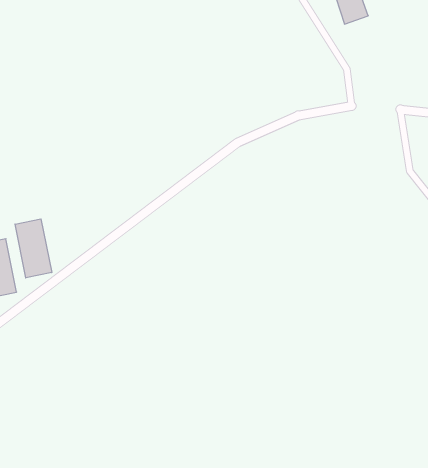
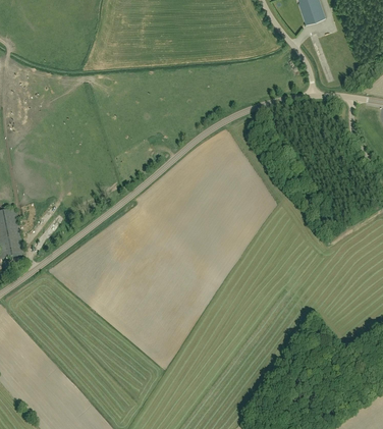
building: [15,219,52,278] -> none

